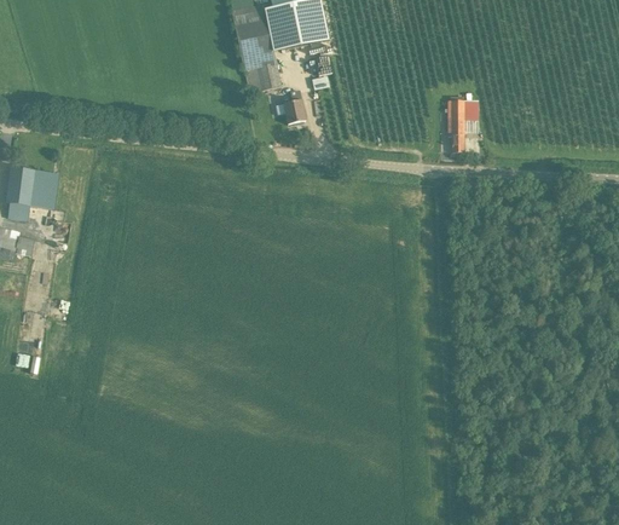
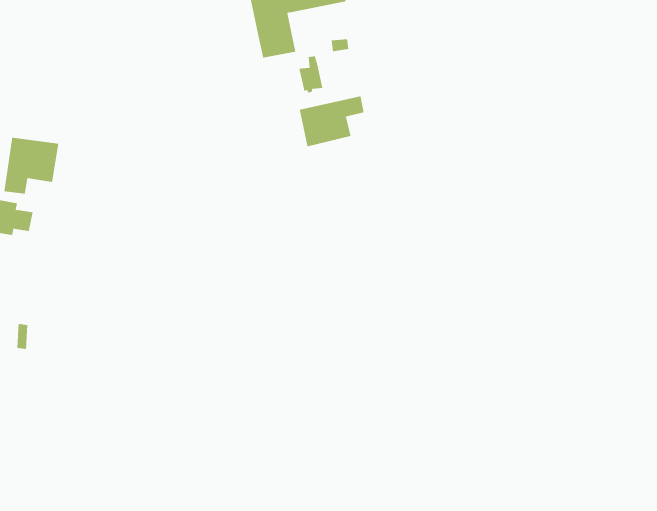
building: [446,99,476,151] -> none
building: none -> [299,96,364,147]

